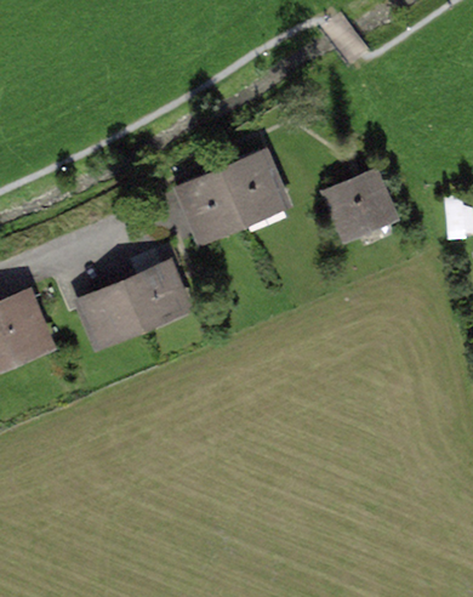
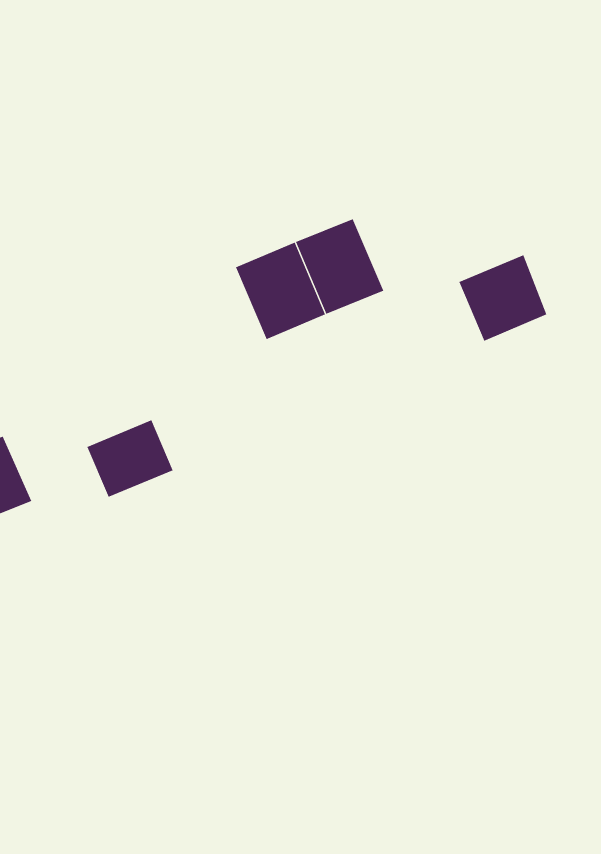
building: [126,248,188,323] -> none

